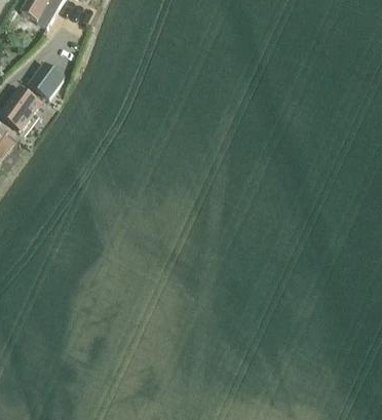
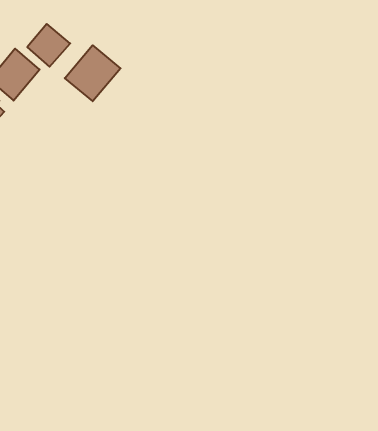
building: none -> [65,45,121,101]

